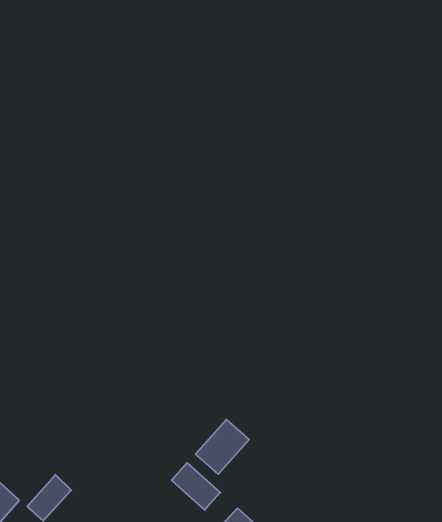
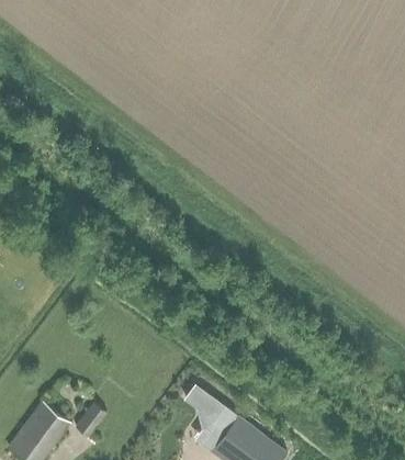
building: [196,420,249,474] -> none

